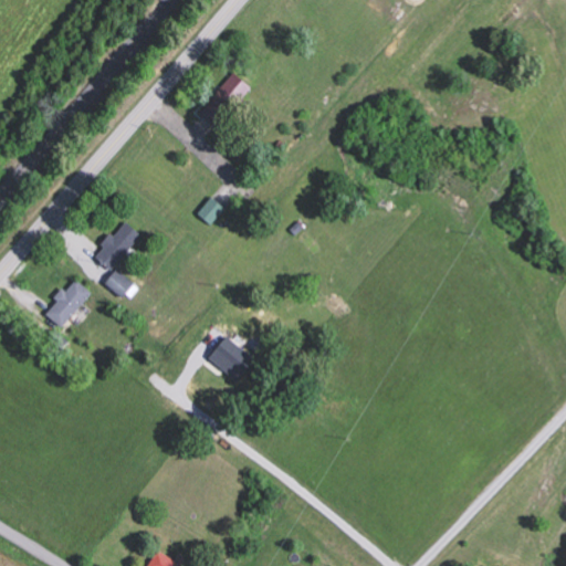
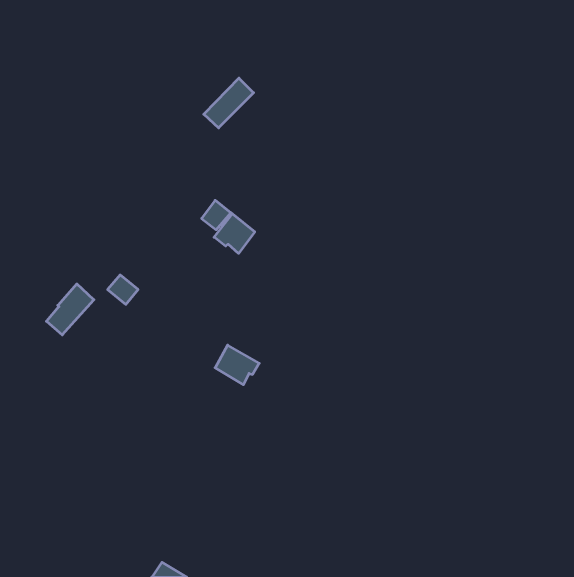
building: none -> [214,214,255,253]
building: [95,226,135,270] -> none

